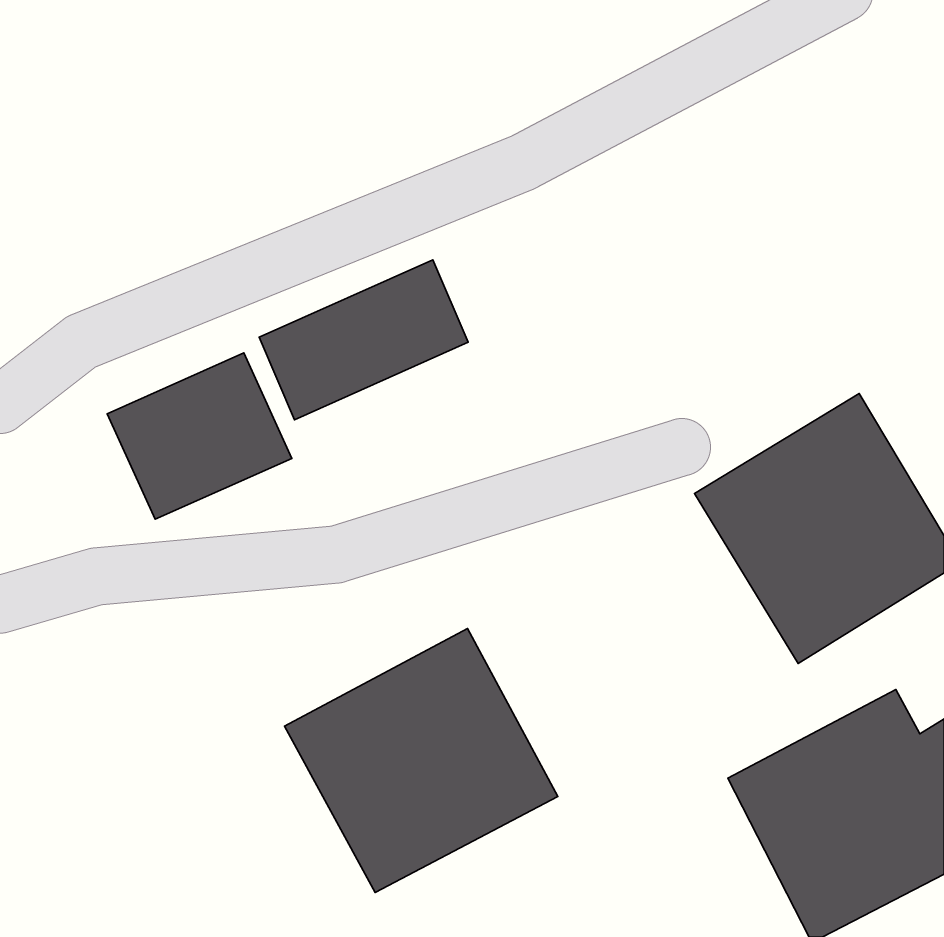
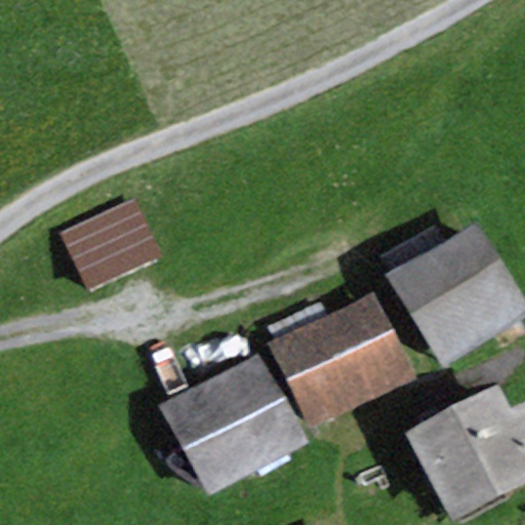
building: [259,260,468,420] -> none
building: none -> [268,289,416,429]

